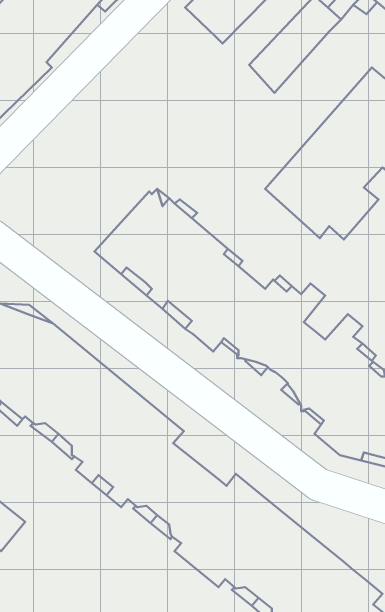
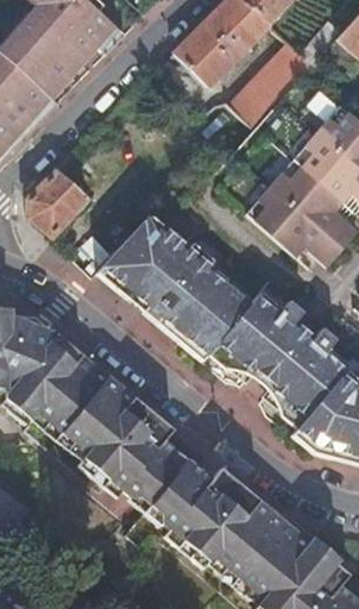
building: none -> [30,165,89,234]

